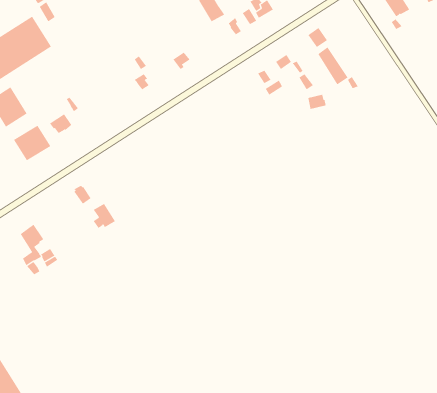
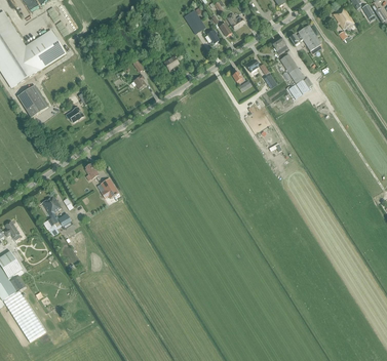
building: none -> [288,24,320,50]
building: [13,125,51,161] -> none

